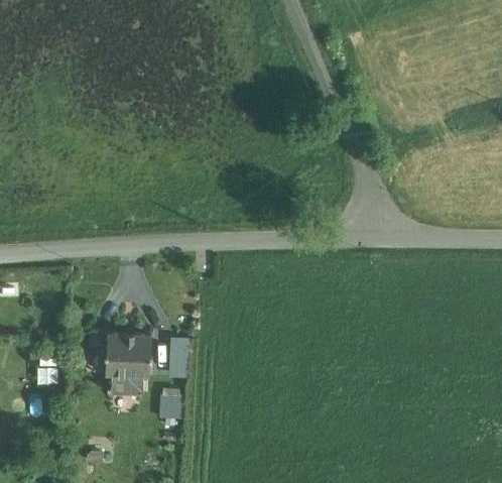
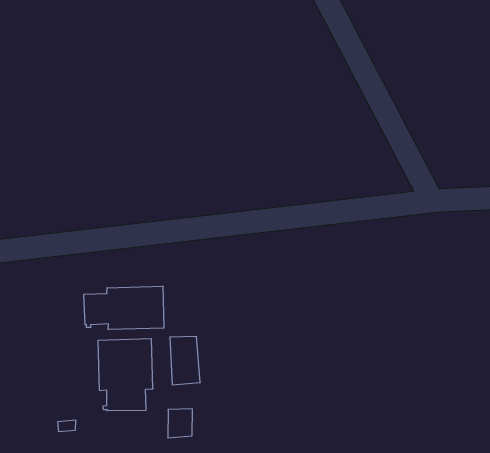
building: none -> [84,286,164,330]

